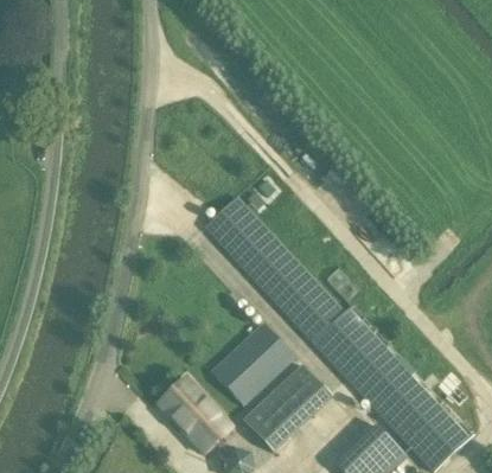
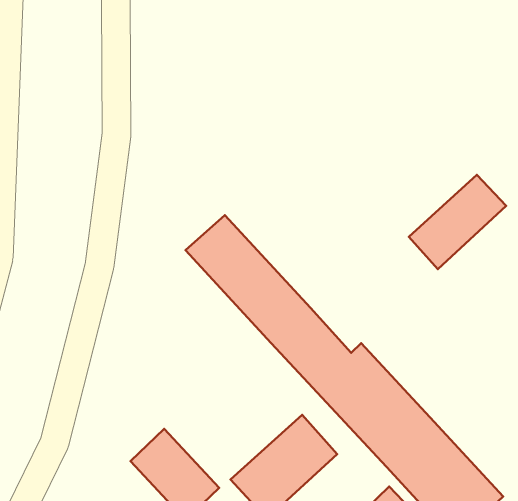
building: none -> [409,175,506,269]
building: [211,324,294,405] -> none

